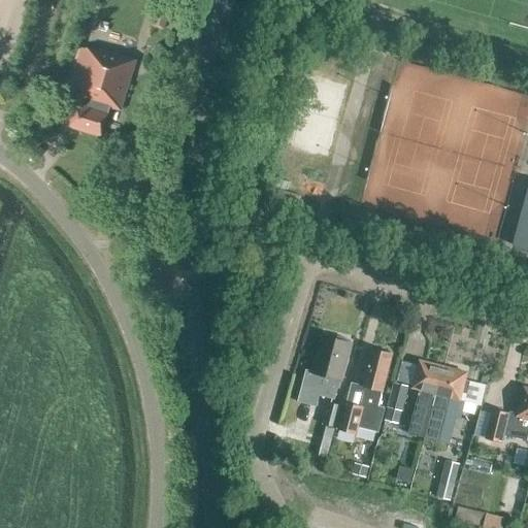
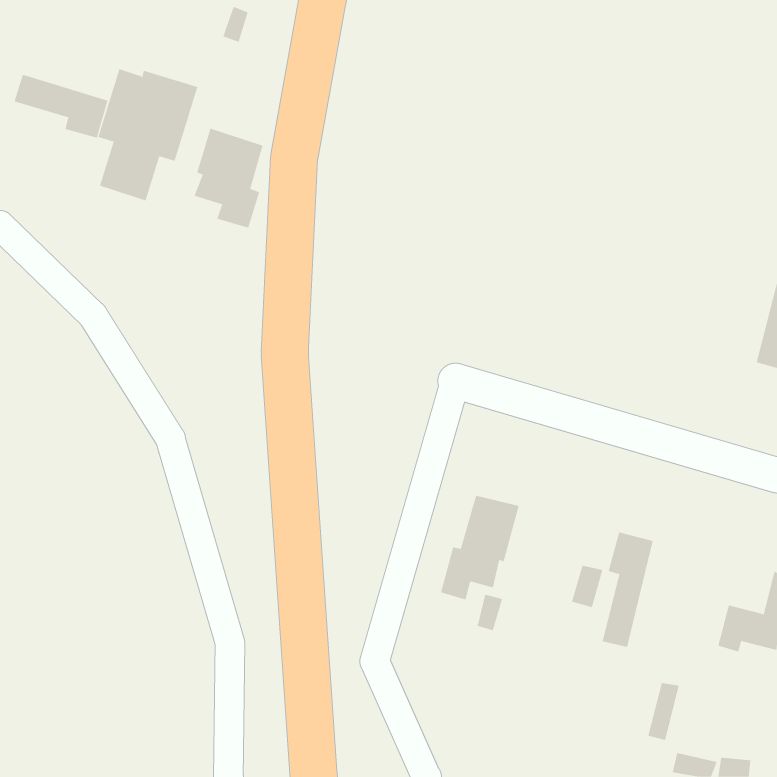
building: none -> [14,74,108,138]
building: none -> [194,128,263,228]
building: [338,349,393,435] -> none
building: [427,366,487,437] -> none

